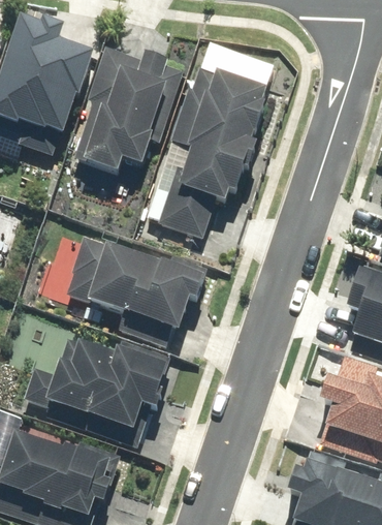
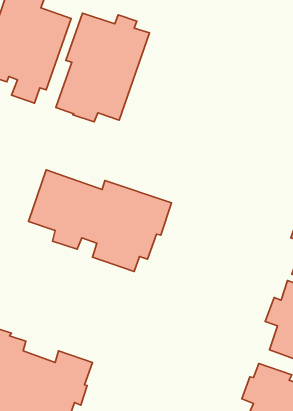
building: [152,42,278,239] -> none
building: [24,334,173,446] -> none

